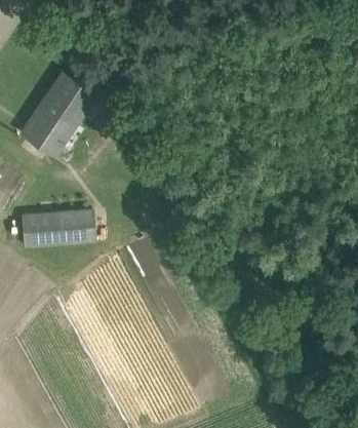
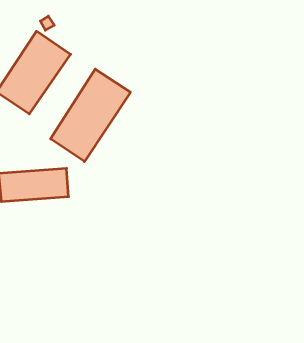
building: none -> [51,69,130,162]

